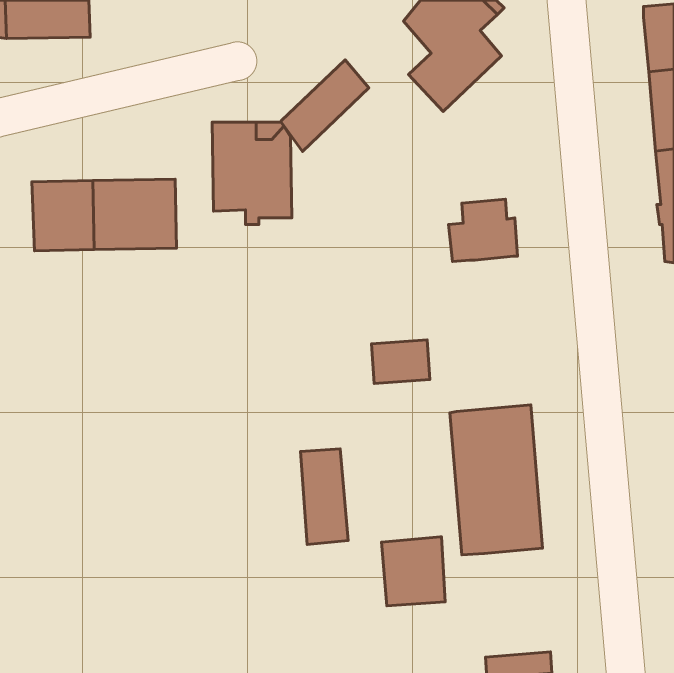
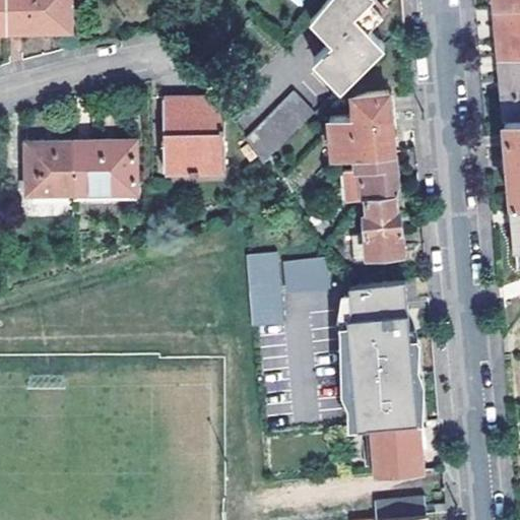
building: [281,60,369,151] -> [246,93,313,164]
building: none -> [329,92,393,161]
building: none -> [350,200,401,266]
building: none -> [346,283,406,319]
building: [300,449,348,545] -> [246,256,282,329]
building: [382,537,445,606] -> [371,424,419,476]

